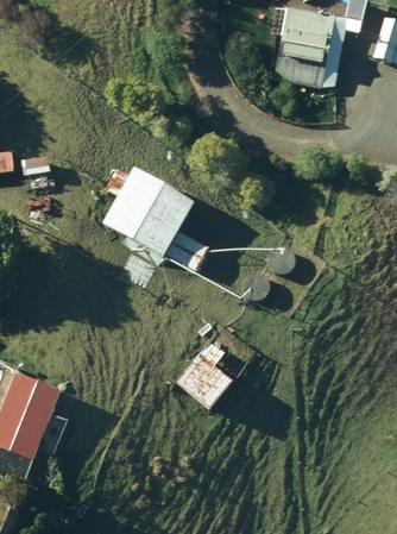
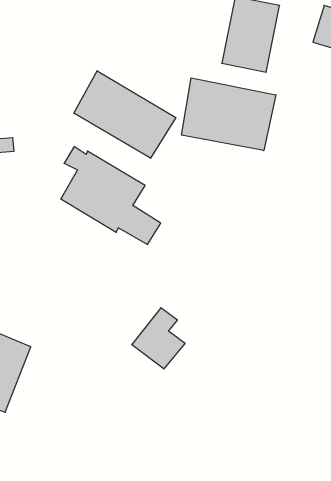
building: none -> [74,71,176,158]
building: none -> [181,78,276,151]

